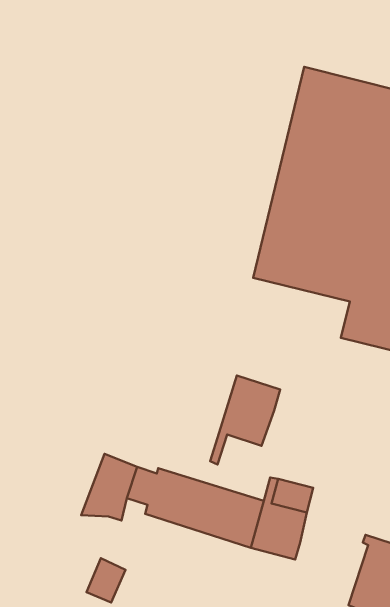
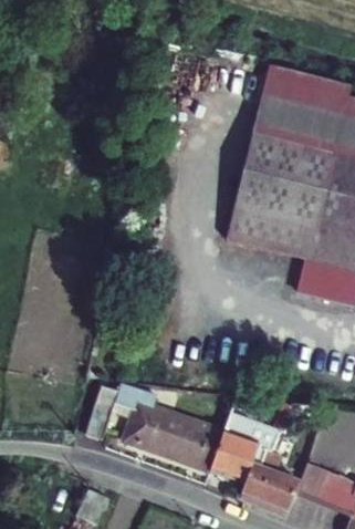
building: [210,375,280,464] -> none
building: none -> [248,463,303,515]

